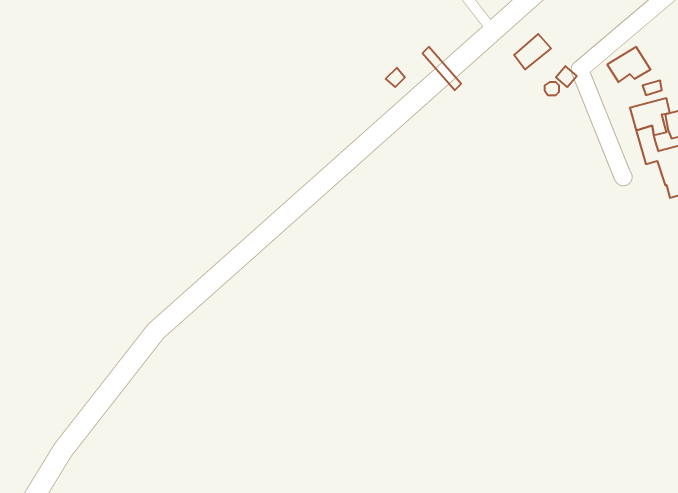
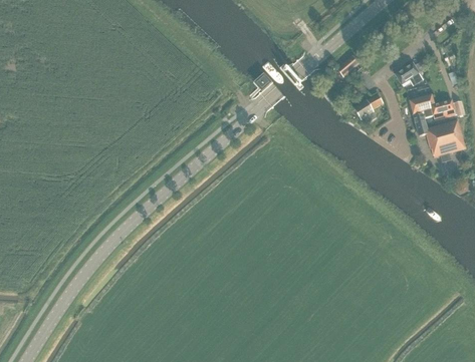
building: none -> [353,94,383,123]

